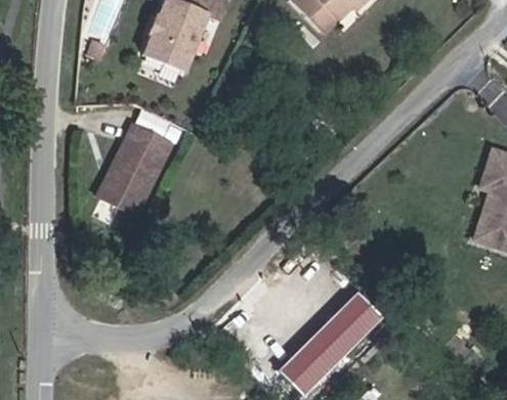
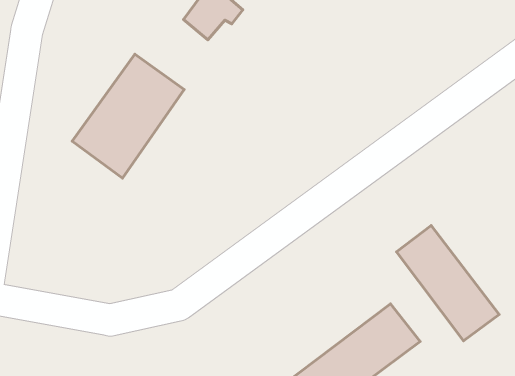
building: none -> [396,226,499,341]

